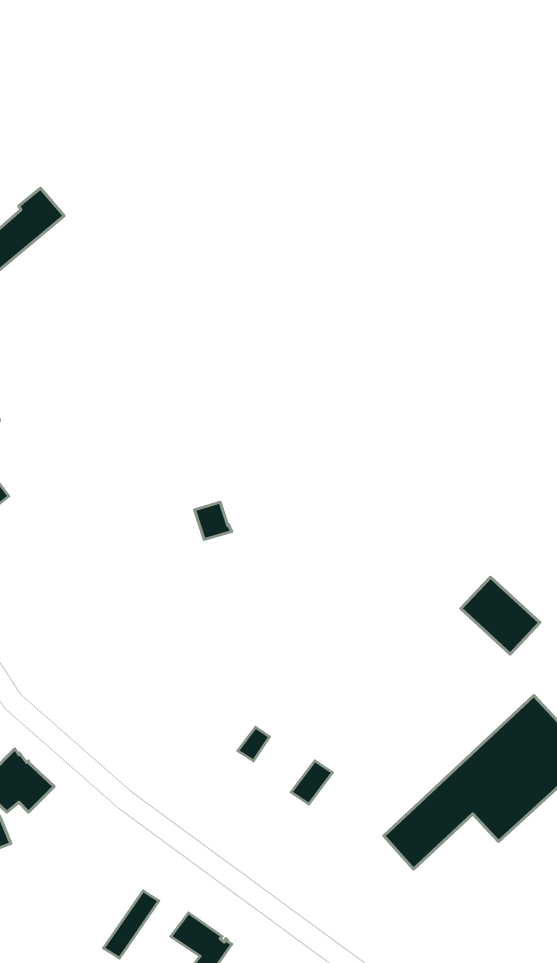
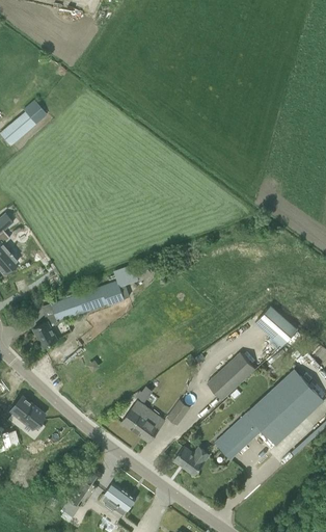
building: none -> [33,280,124,347]
building: none -> [207,351,256,399]
building: none -> [121,401,159,441]
building: none -> [173,445,209,474]

